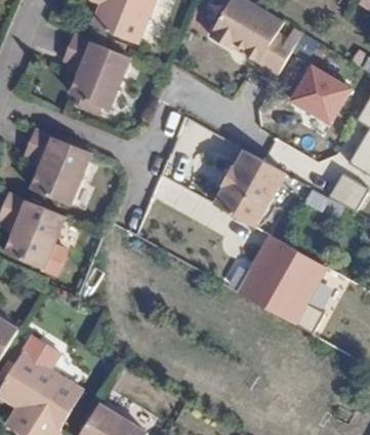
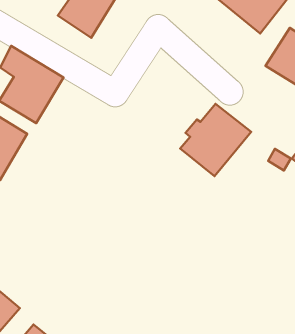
building: [240,240,330,328] -> none

